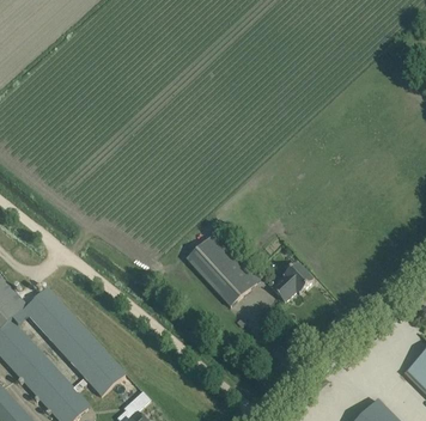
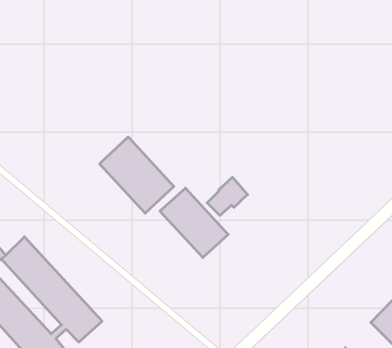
building: none -> [100,137,174,213]
building: [270,262,312,301] -> [207,177,248,215]

